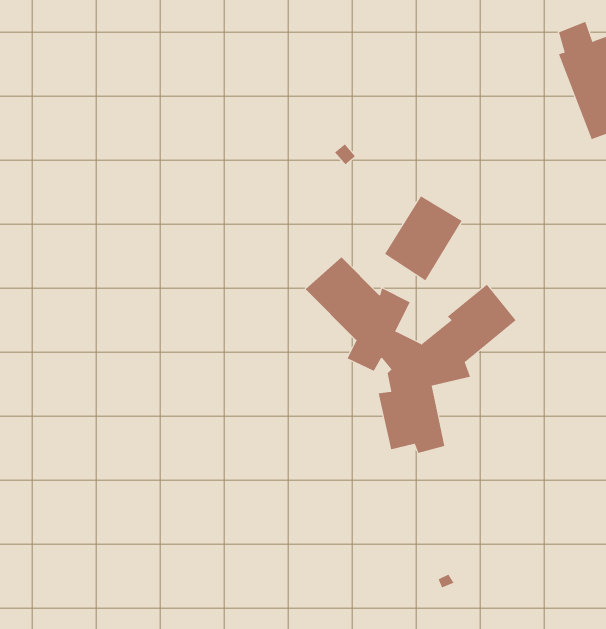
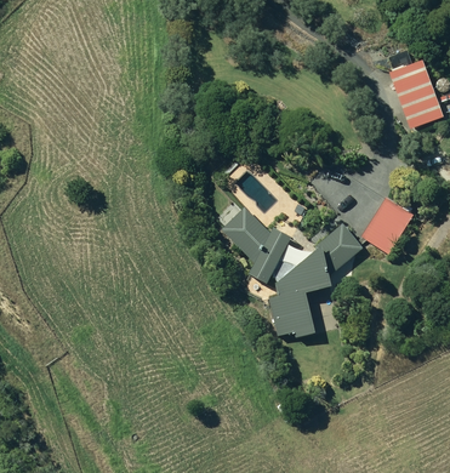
building: [384,195,462,281] -> [360,196,412,253]

